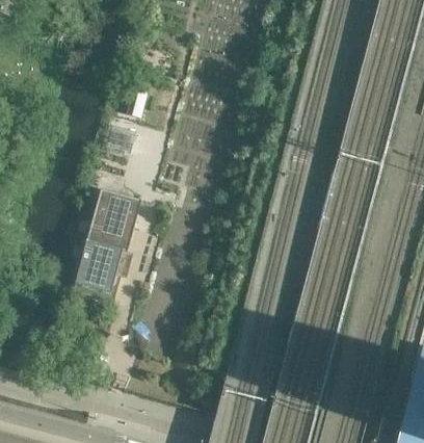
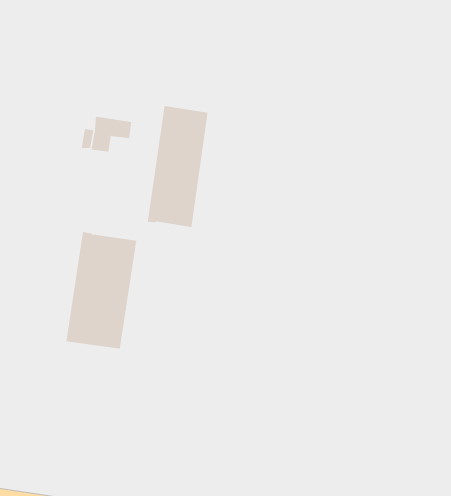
building: none -> [147,105,208,228]

